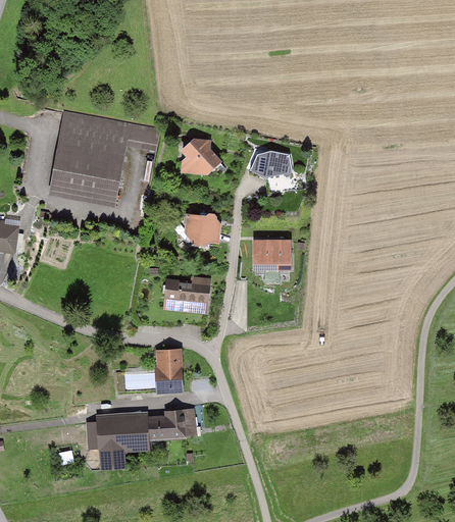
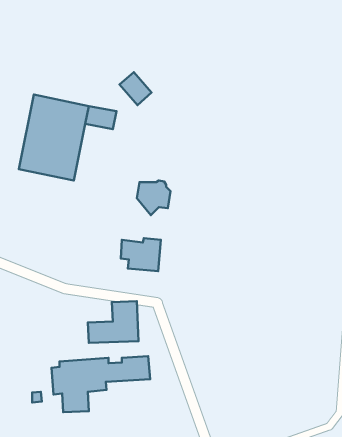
building: [180,138,216,175] -> [120,72,152,105]
building: [250,147,292,173] -> none
building: [252,241,291,272] -> none

